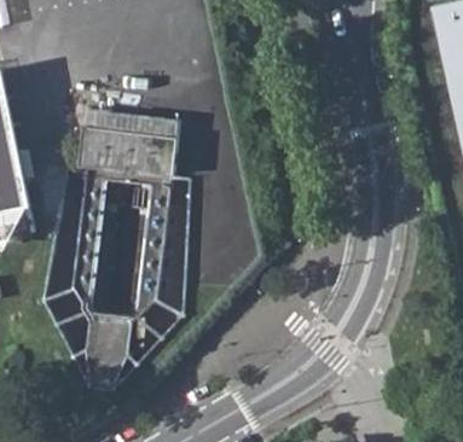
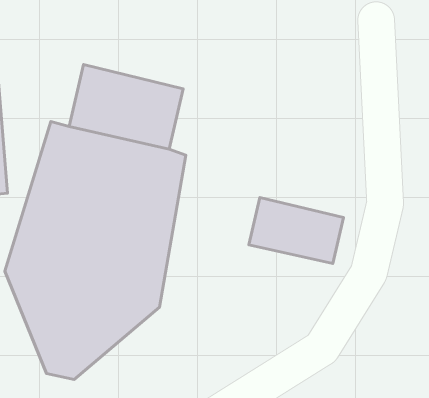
building: none -> [249,198,344,264]

